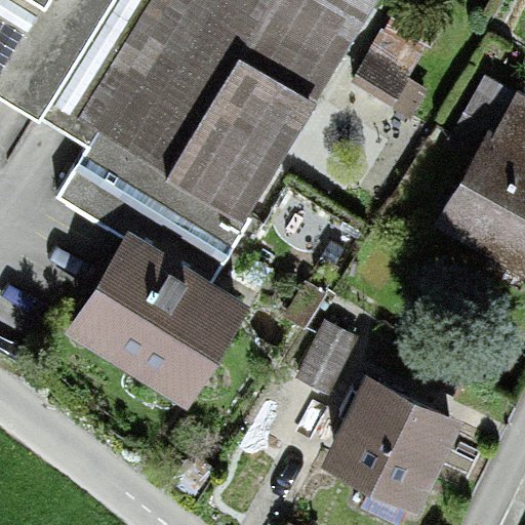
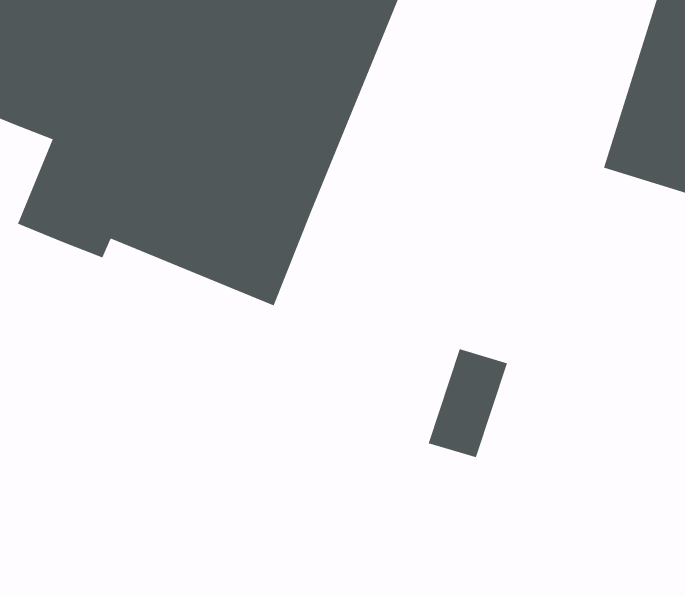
building: [78,247,238,400] -> none
building: [332,375,448,490] -> none

